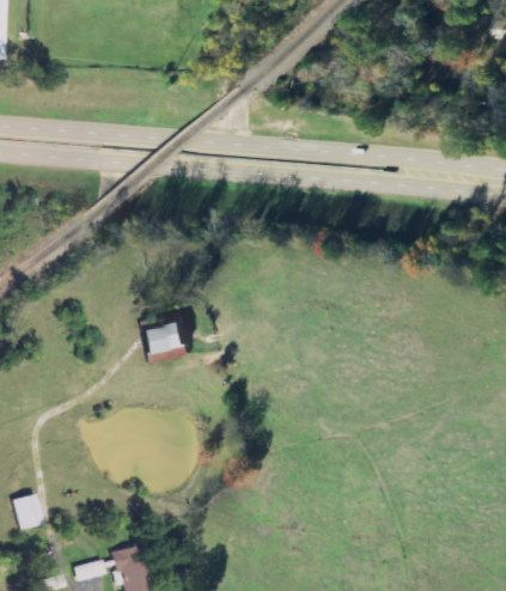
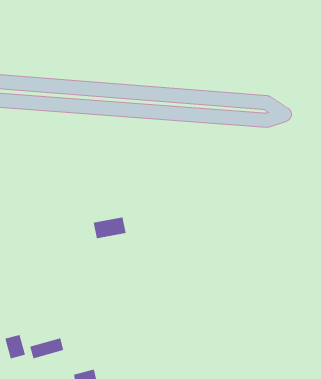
building: none -> [30,337,64,359]

